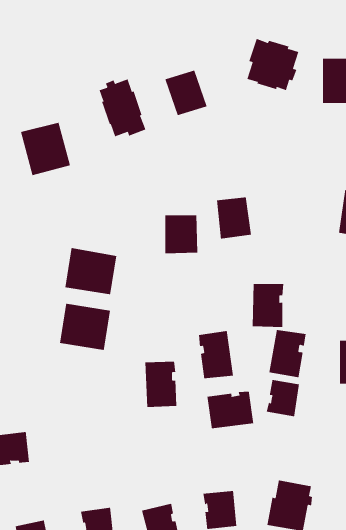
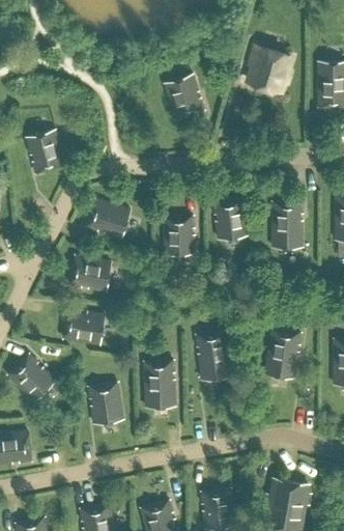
building: [99,79,146,137] -> none
building: none -> [85,199,131,241]
building: [252,283,284,328] -> [271,203,304,247]
building: none -> [8,355,55,401]
building: [266,379,300,417] -> none
building: none -> [88,384,123,424]
building: [207,391,254,429] -> none

